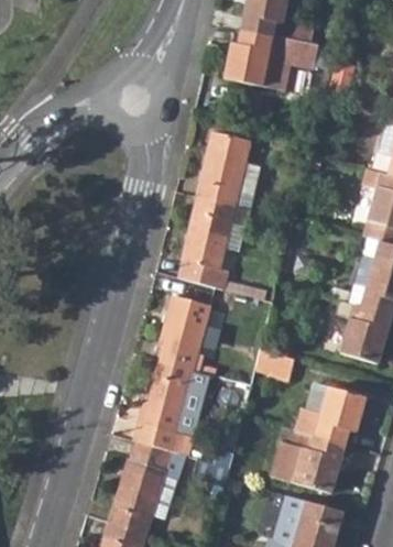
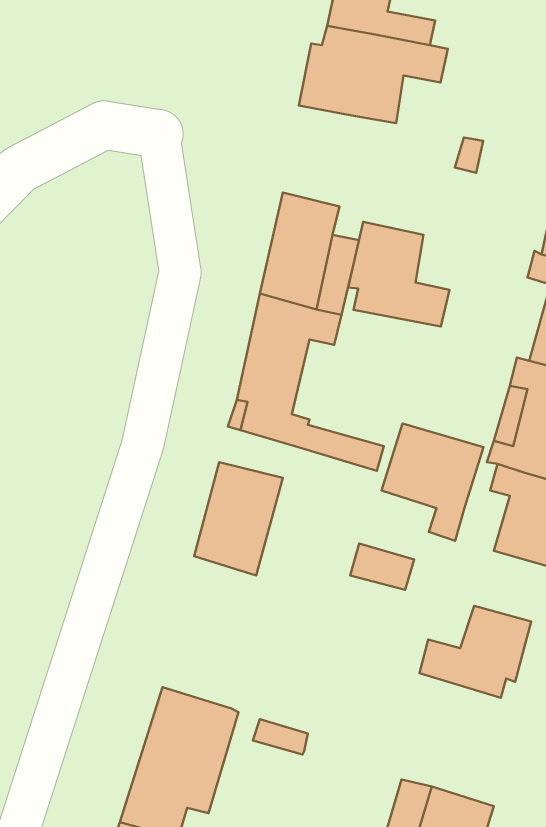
building: none -> [348,222,449,327]
building: none -> [381,424,484,541]
building: [138,358,196,452] -> none
building: [271,430,348,493] -> none

